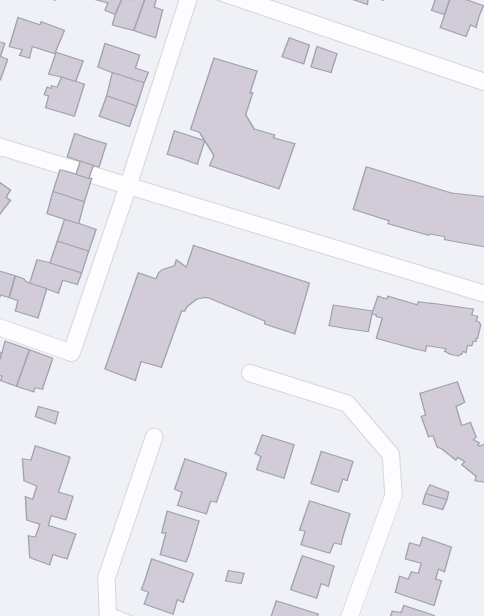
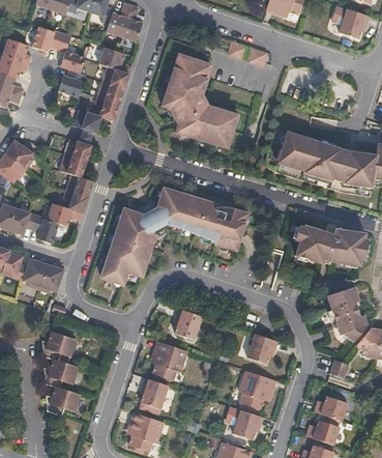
building: [167,131,205,164] -> [91,96,118,120]
building: [329,305,372,332] -> none
building: [255,435,294,478] -> [174,310,202,341]

